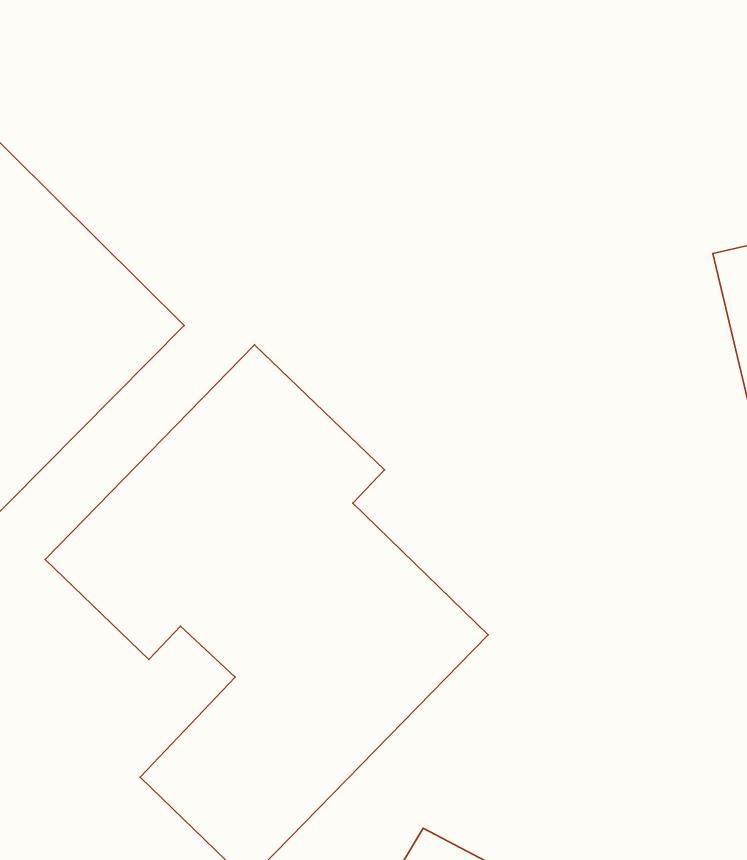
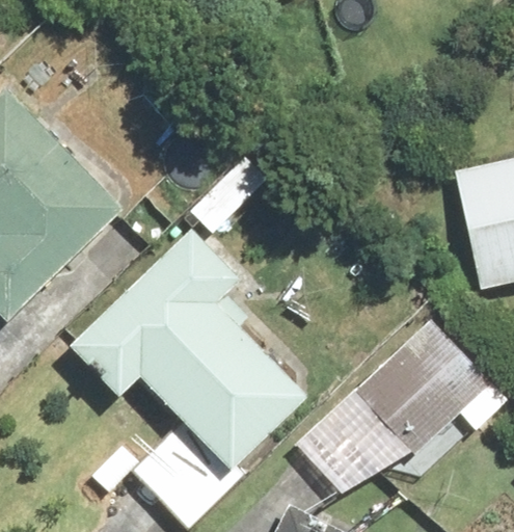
building: none -> [282,335,472,520]

